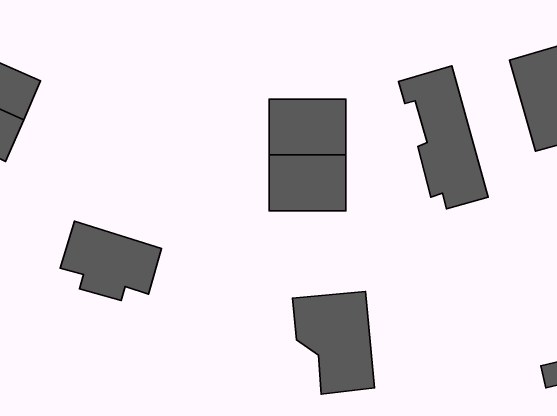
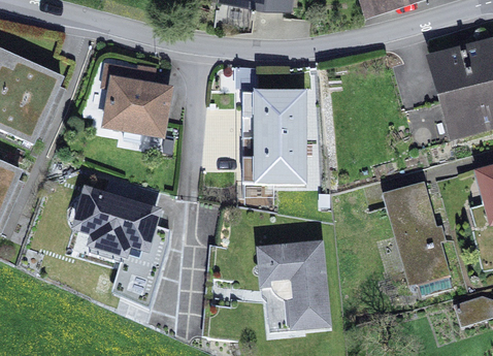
building: none -> [104,65,168,134]
building: [398,66,488,209] -> [382,182,453,295]

